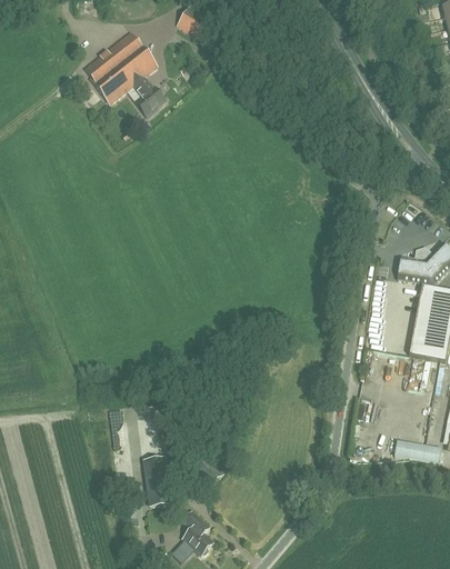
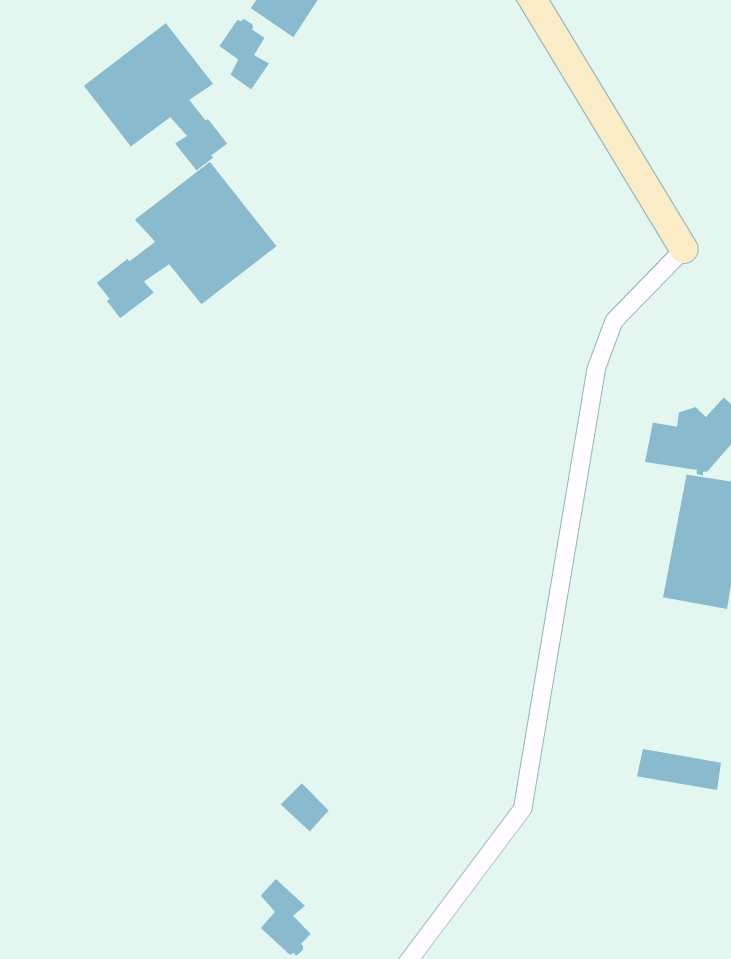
building: none -> [219,18,270,90]
building: none -> [96,161,278,319]
building: [144,458,174,506] -> none

